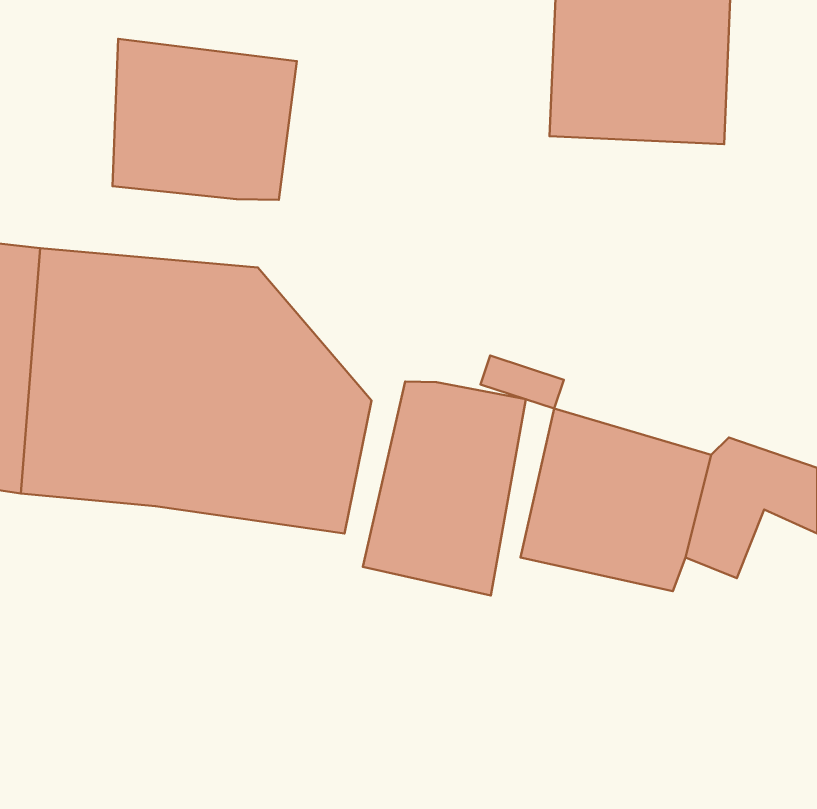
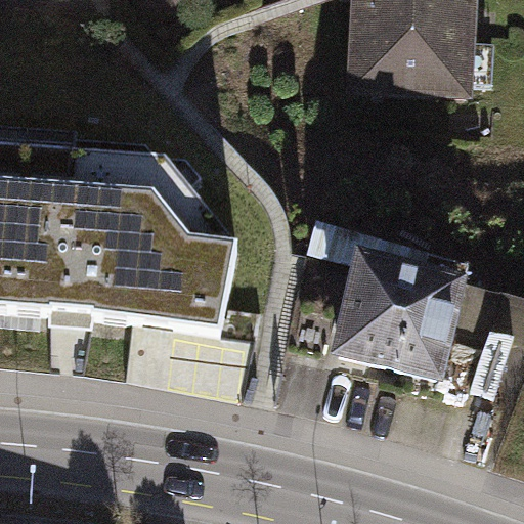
building: [113,39,297,200] -> none
building: [363,381,526,596] -> none

